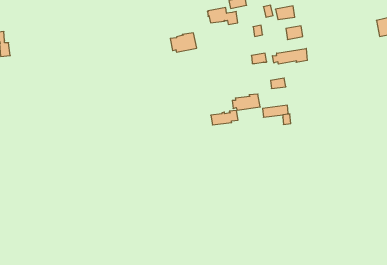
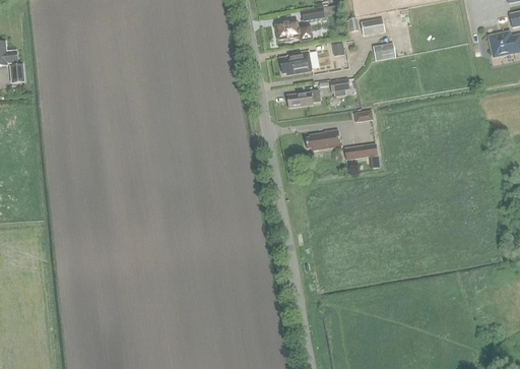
building: [170,33,197,52] -> [278,50,312,74]
building: [272,48,307,64] -> none
building: [211,111,238,125] -> [285,88,320,107]

